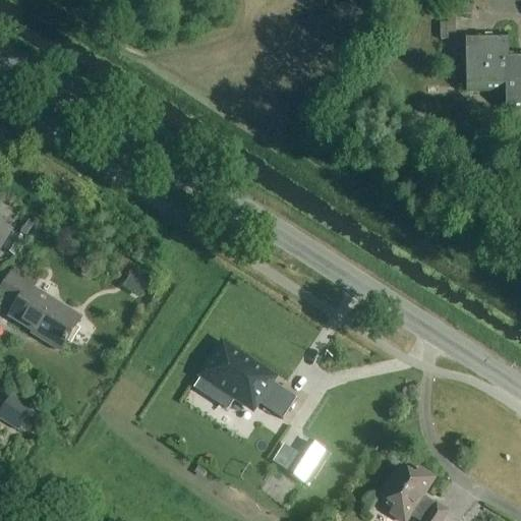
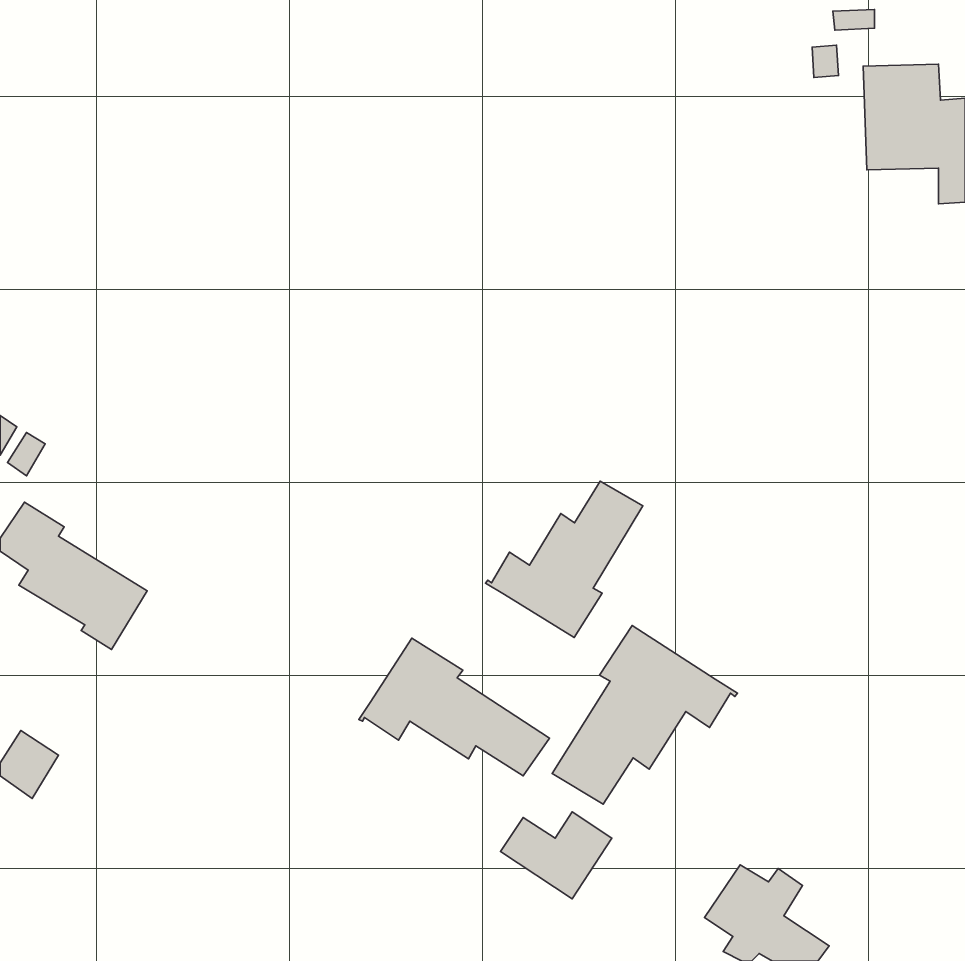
building: none -> [486,481,643,637]
building: none -> [552,626,737,804]

